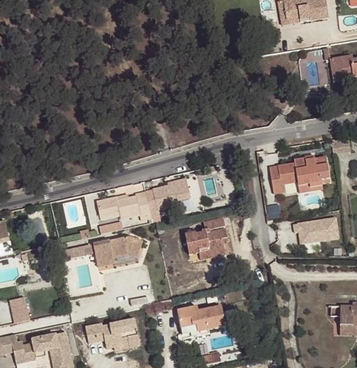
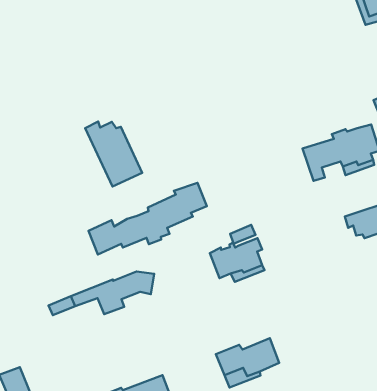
building: none -> [85,121,142,186]

